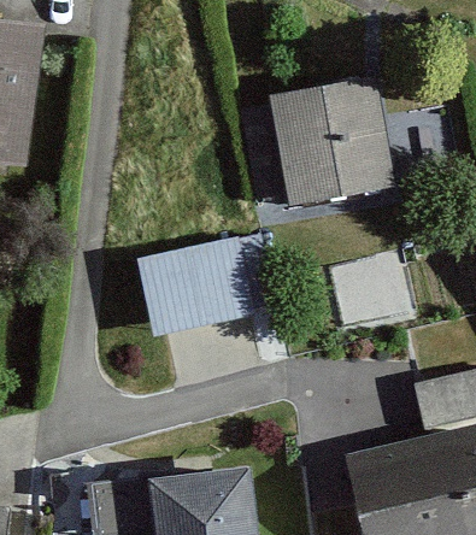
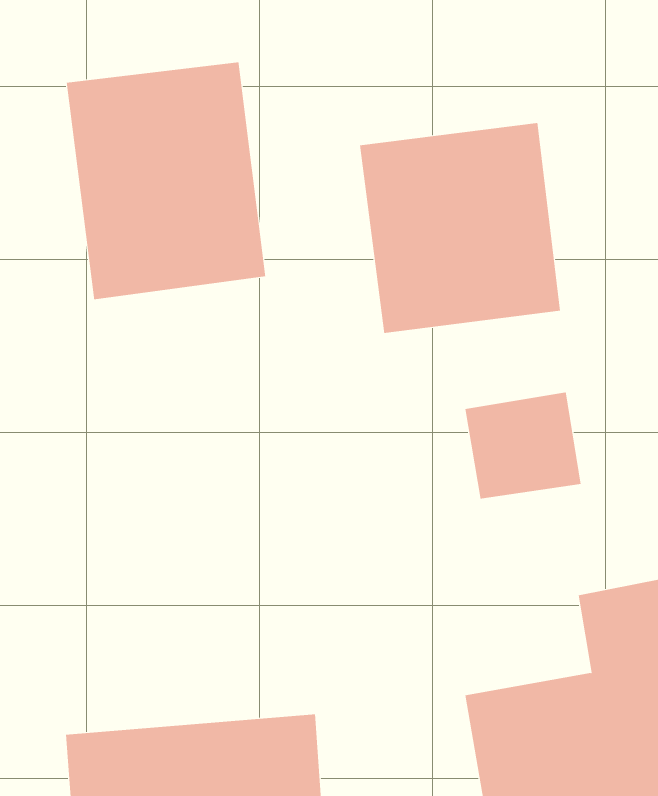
building: none -> [66,61,266,300]
building: [143,246,283,341] -> none

